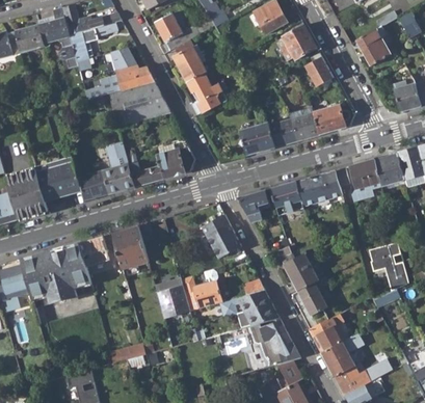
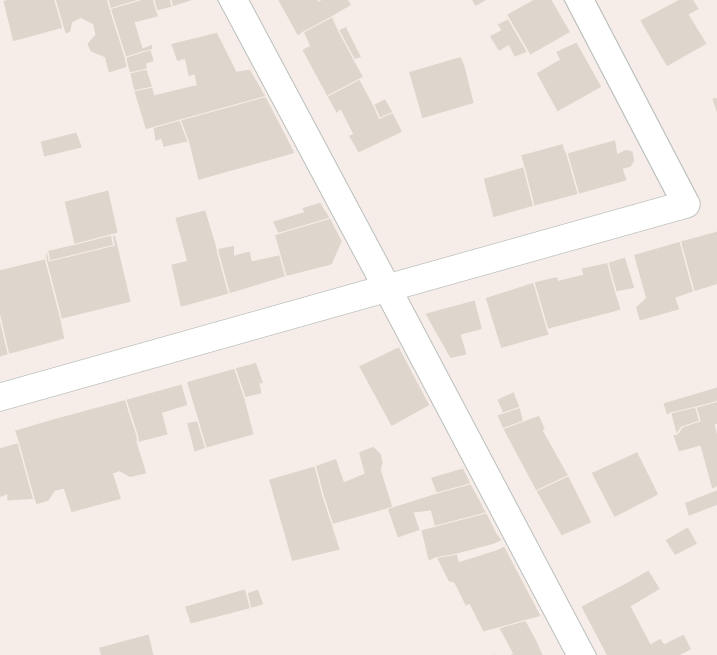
building: [239,122,274,155] -> [408,56,475,119]
building: [79,171,108,200] -> [64,190,119,245]
building: [309,318,345,353] -> [591,451,659,518]

